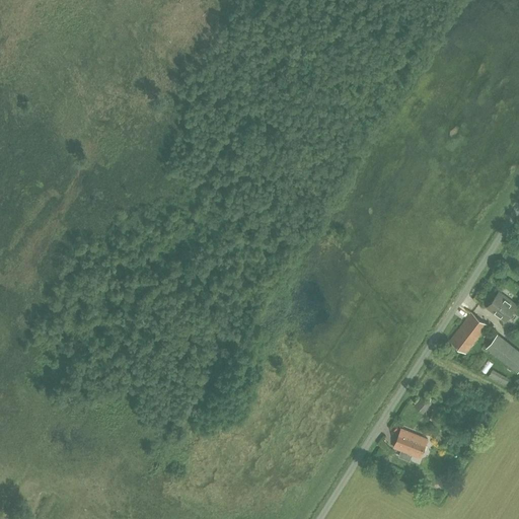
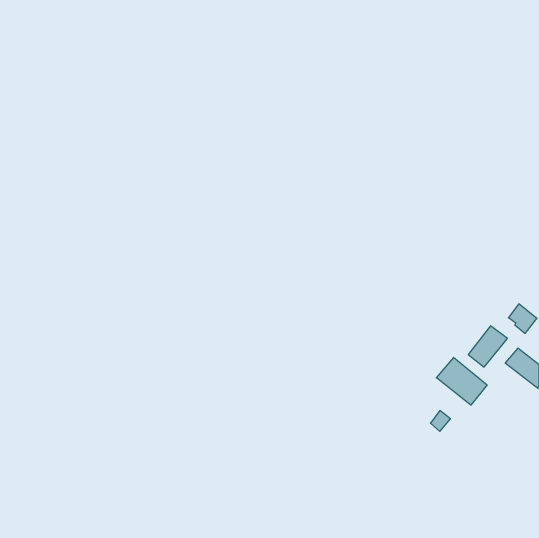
building: none -> [436,357,487,405]
building: [394,430,428,458] -> none

